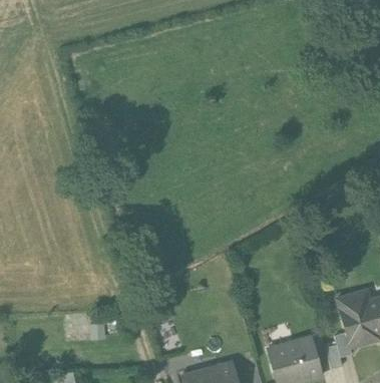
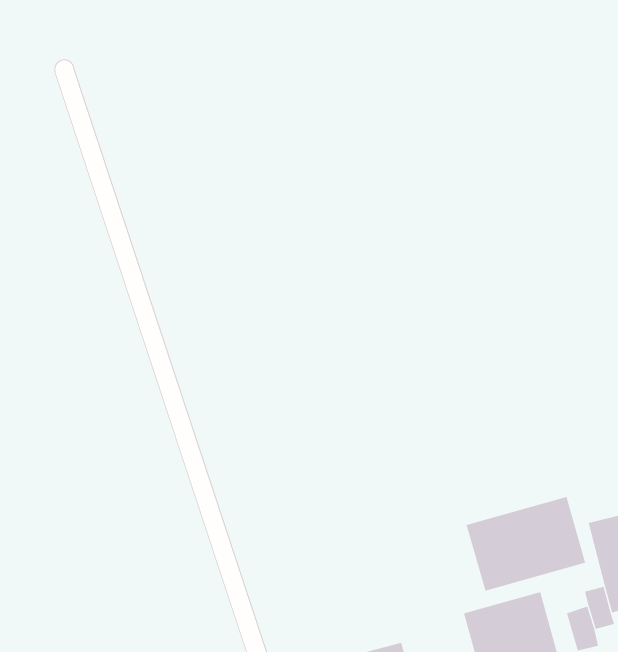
building: none -> [466,496,586,591]

